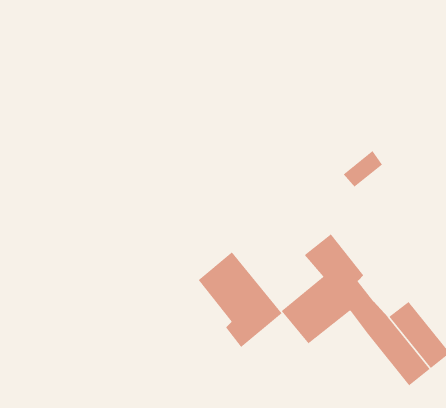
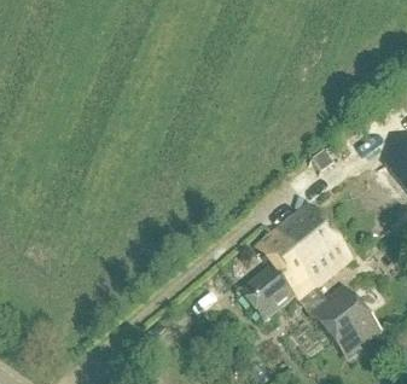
building: [198,251,283,348] -> [283,202,354,283]

